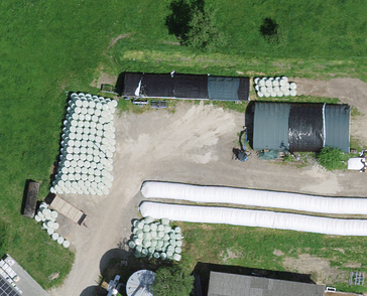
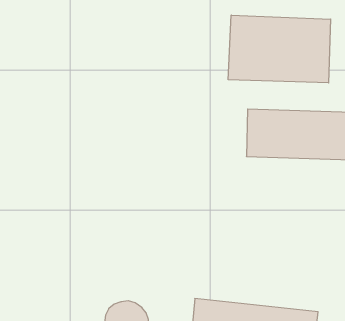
building: none -> [228,15,331,83]

